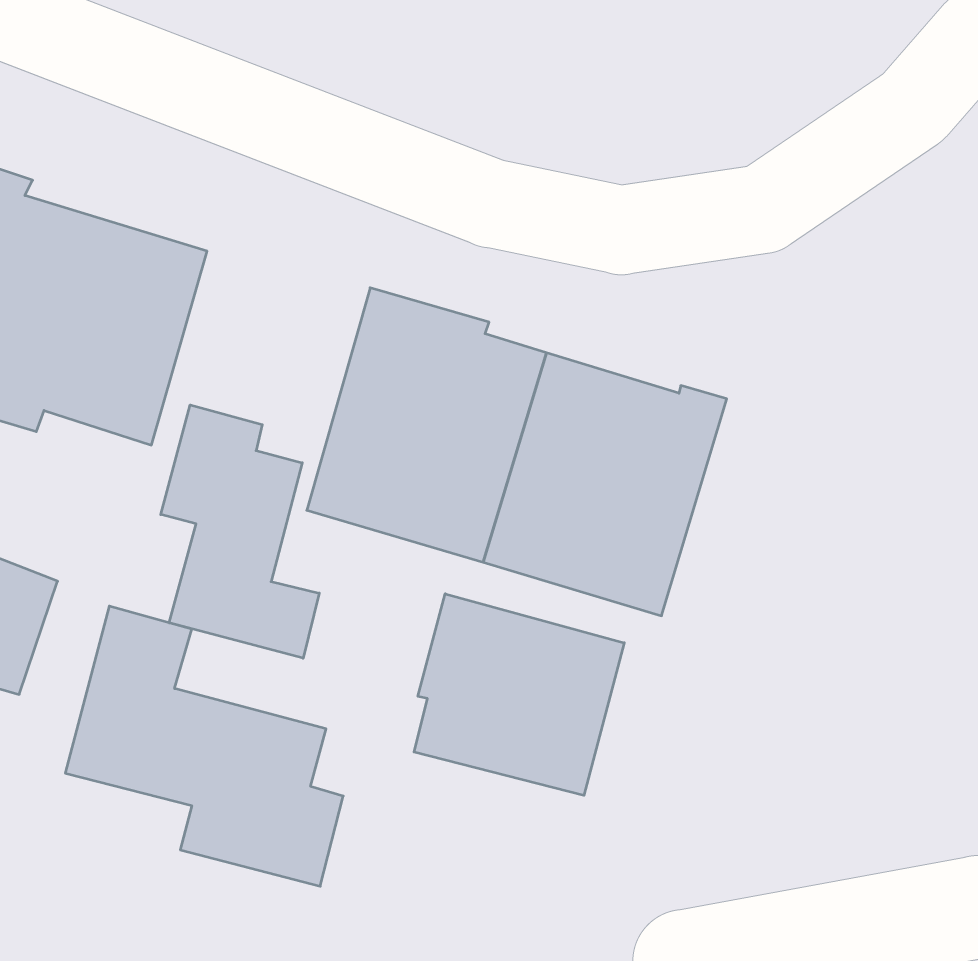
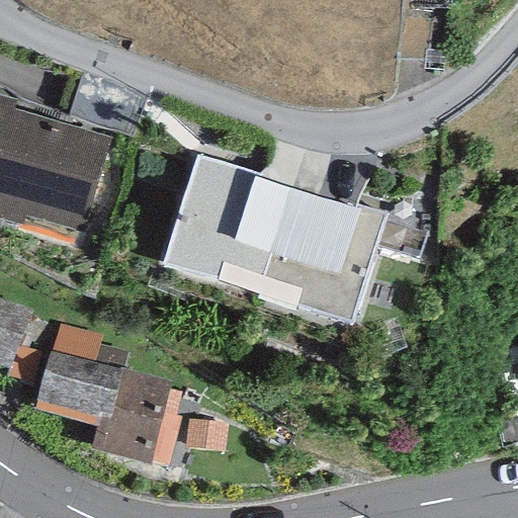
building: [161,405,319,658] -> none
building: [414,594,624,795] -> none

